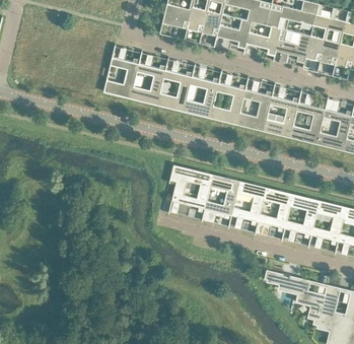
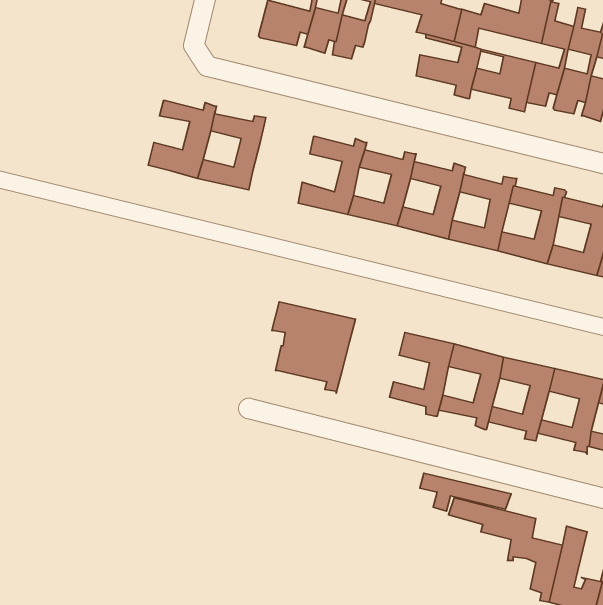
building: [215,14,251,49] -> none
building: [156,70,193,112] -> none
building: [204,174,239,219] -> none

